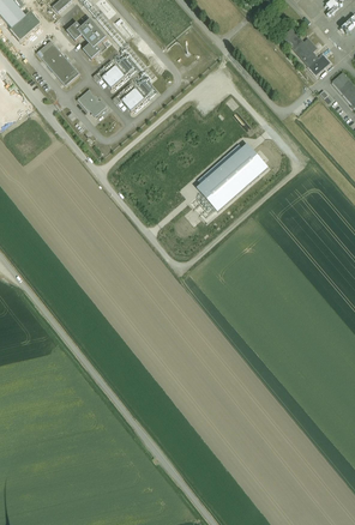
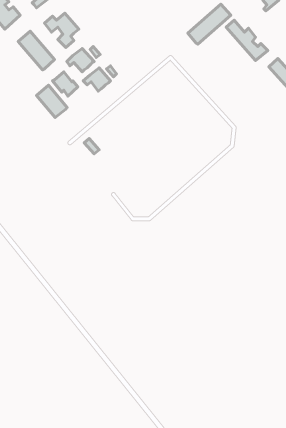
building: none -> [188,4,231,44]
building: none -> [37,85,67,118]
building: [197,144,269,212] -> none

